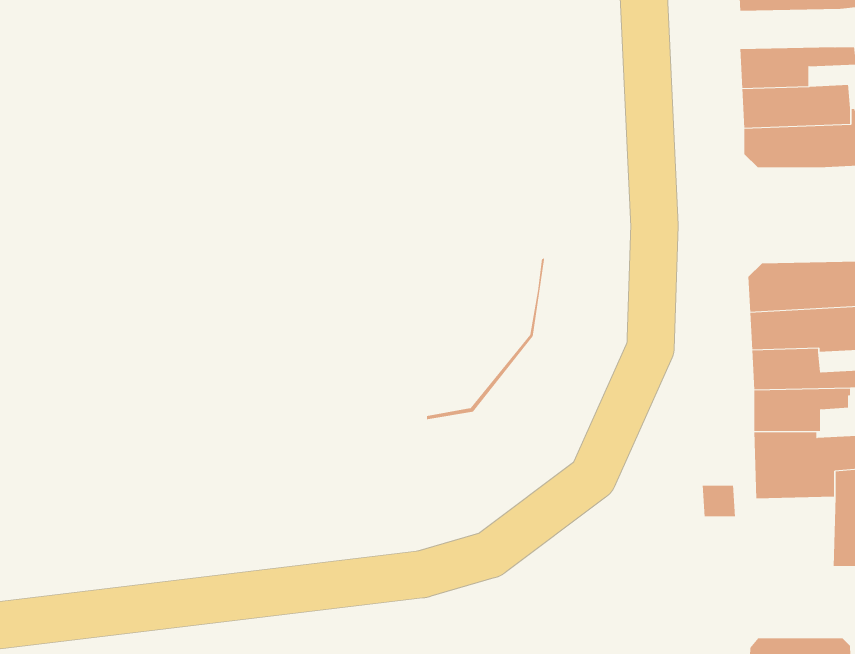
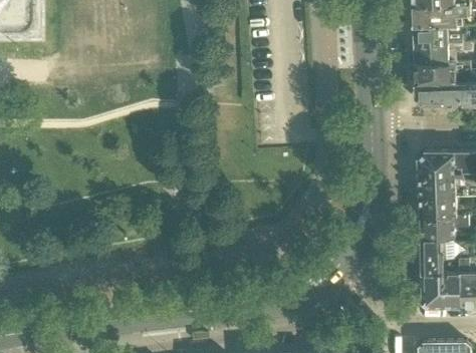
building: none -> [414,26,466,46]
building: none -> [422,273,462,309]

